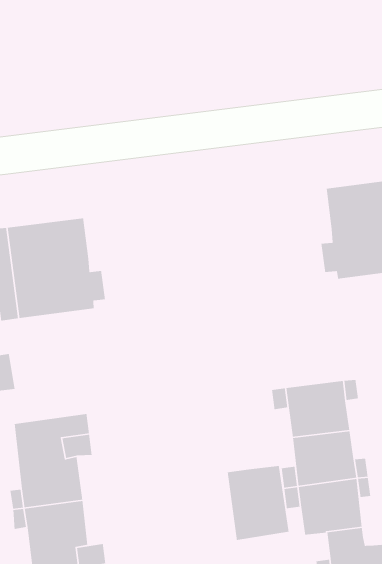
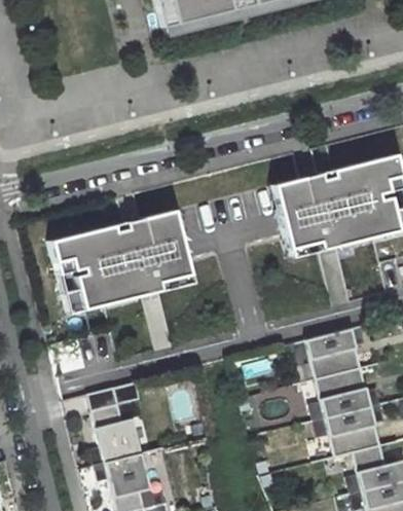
building: none -> [271,177,337,258]
building: none -> [134,210,190,294]
building: [227,465,290,541] -> none

